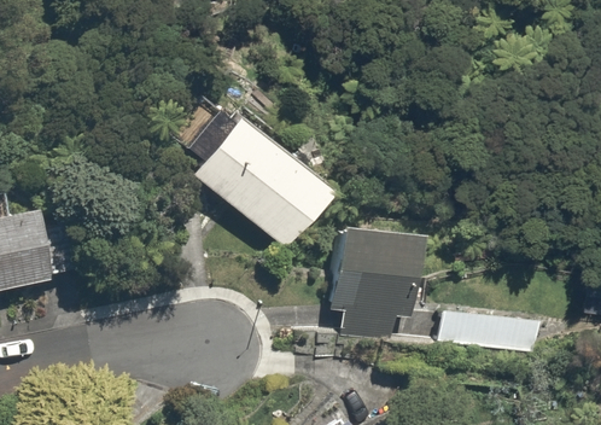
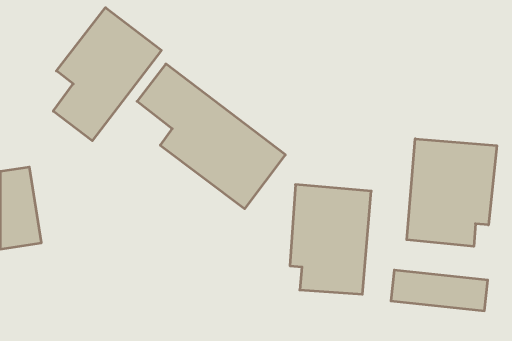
building: none -> [53,8,161,141]
building: none -> [407,139,497,246]

